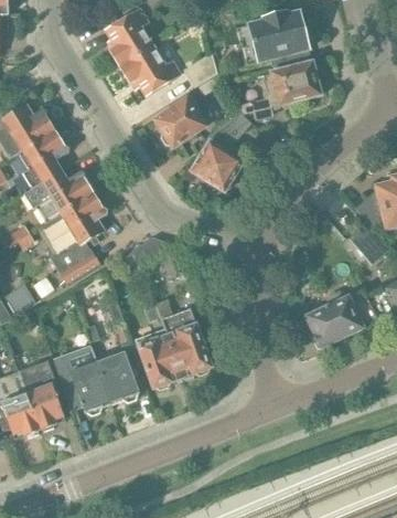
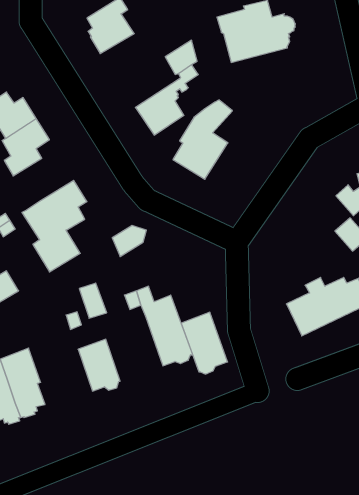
building: [118,44,179,94] -> none
building: [234,61,320,117] -> none
building: [23,169,92,221] -> none
building: [135,327,181,389] -> [181,312,228,374]
building: [53,345,110,414] -> none

